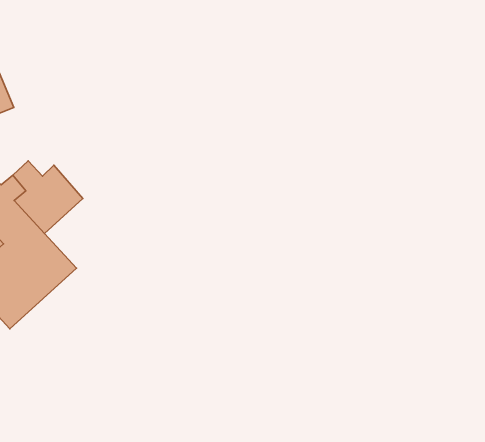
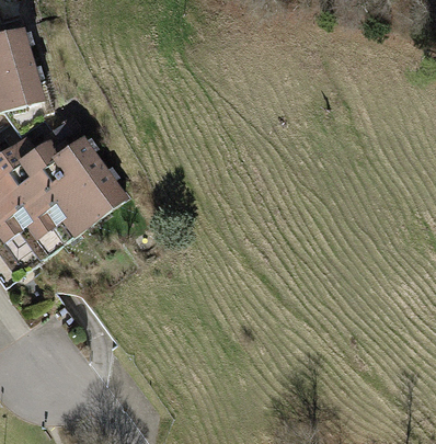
building: none -> [56,139,125,231]

